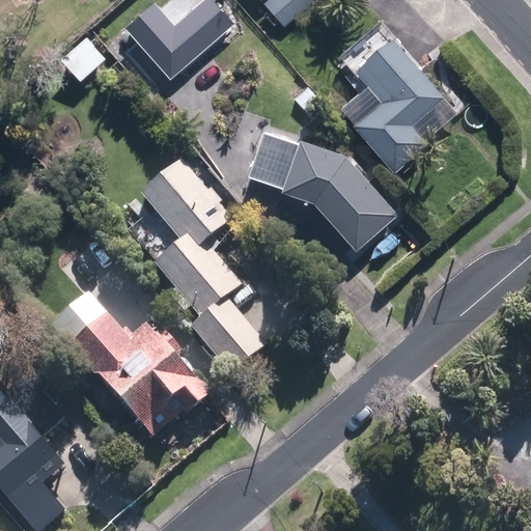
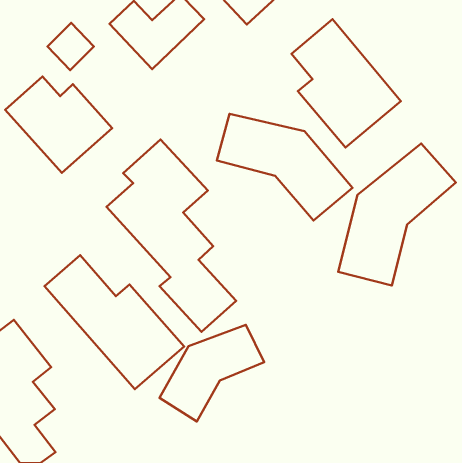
building: none -> [5,77,112,173]
building: none -> [338,143,456,285]
building: none -> [159,325,264,421]

